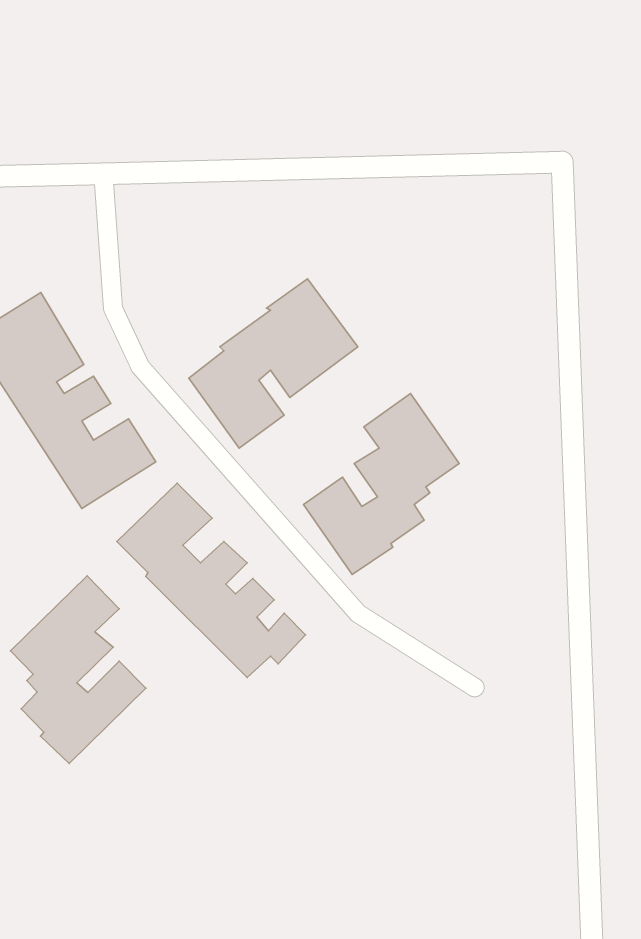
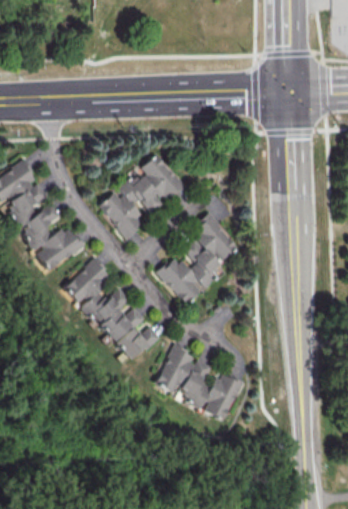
building: [10,576,146,763] -> none
building: none -> [155,344,243,421]

